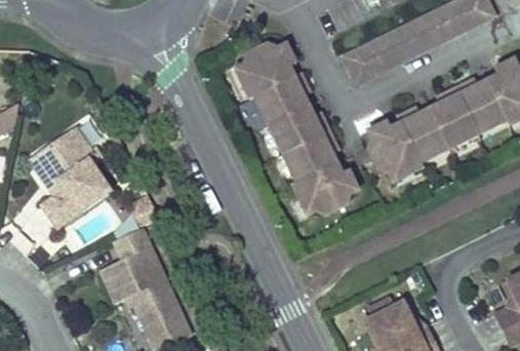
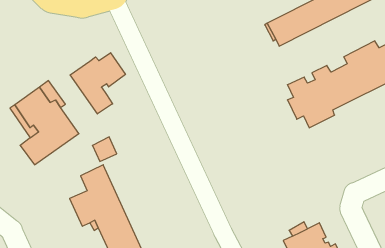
building: [235,44,358,216] -> none
building: none -> [70,53,125,114]

